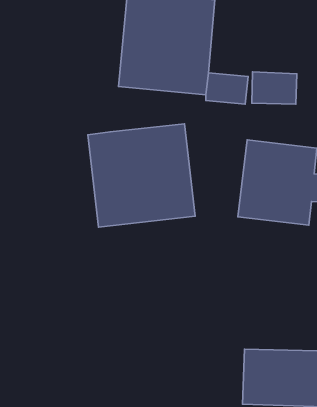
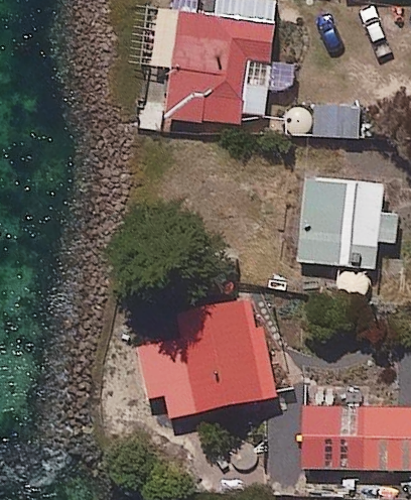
building: [88,124,195,227] -> none
building: none -> [139,297,273,416]

